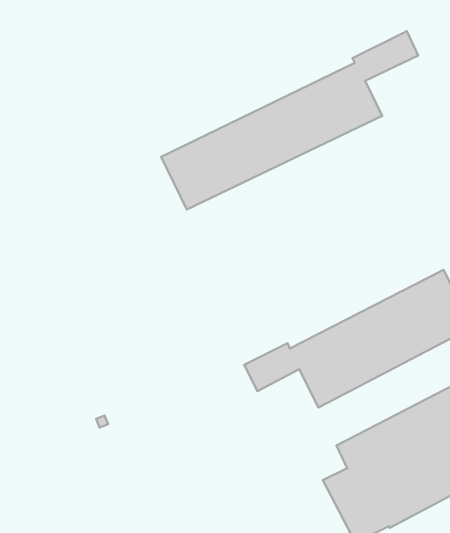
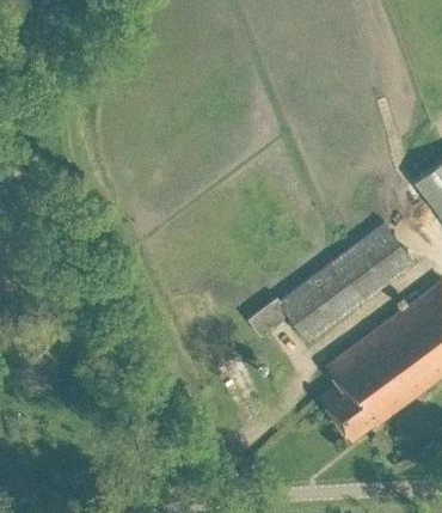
building: [161,31,418,209] -> none

